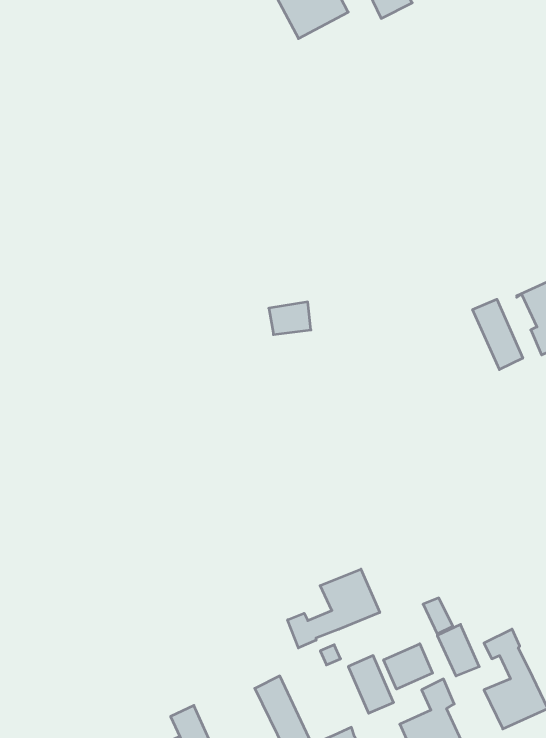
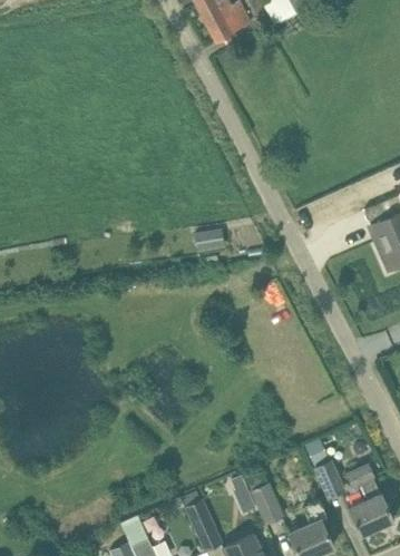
building: [473,299,523,370] -> none
building: [288,569,380,648] -> none
building: [384,644,433,689] -> none

